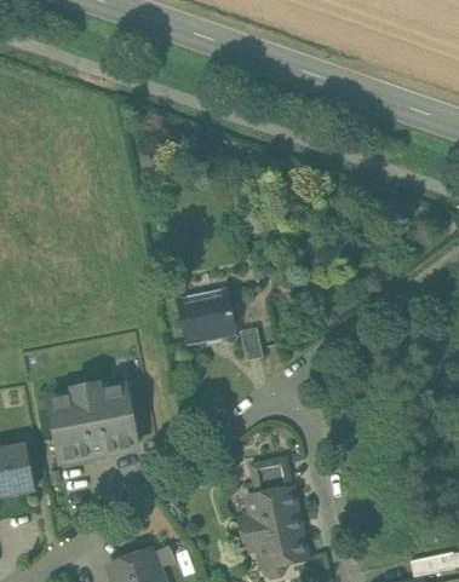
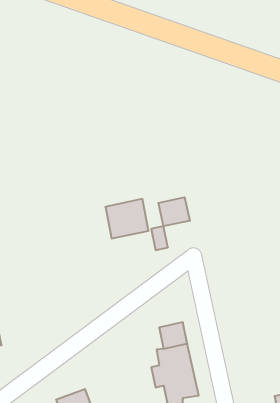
building: none -> [158,197,190,226]
building: [48,382,137,461] -> none

